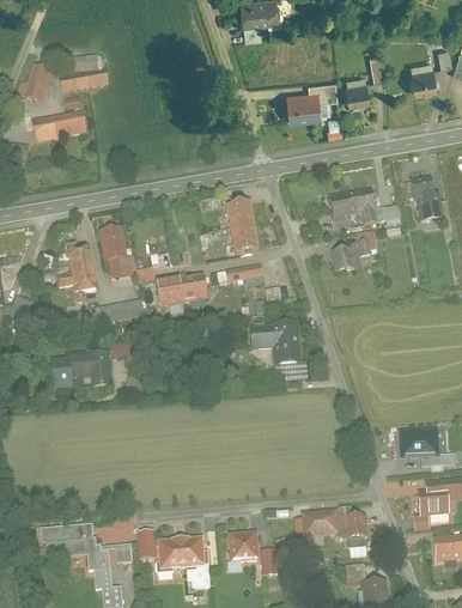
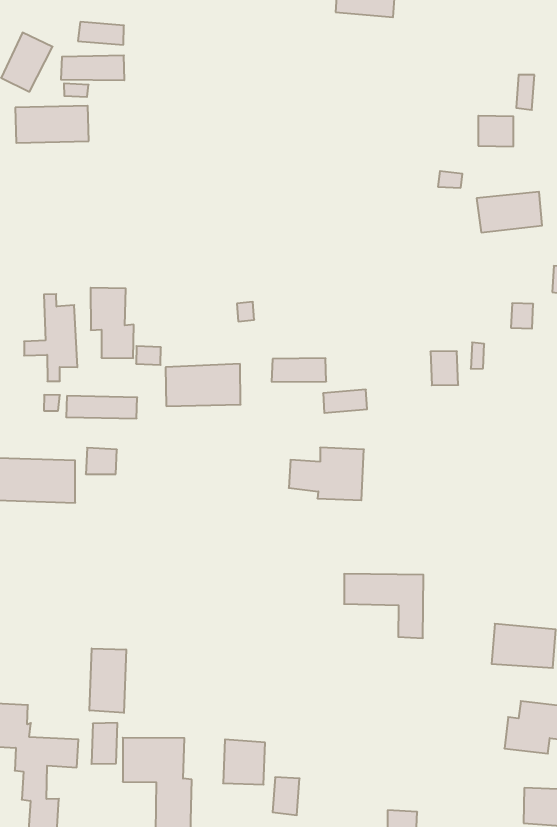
building: [288,91,321,117] -> none
building: [327,189,373,221] -> [477,192,542,232]
building: [225,200,263,255] -> none
building: none -> [90,648,126,713]
building: [304,506,363,551] -> [344,574,423,638]

